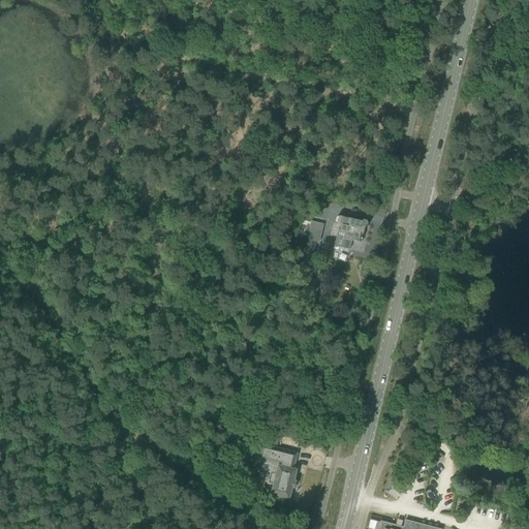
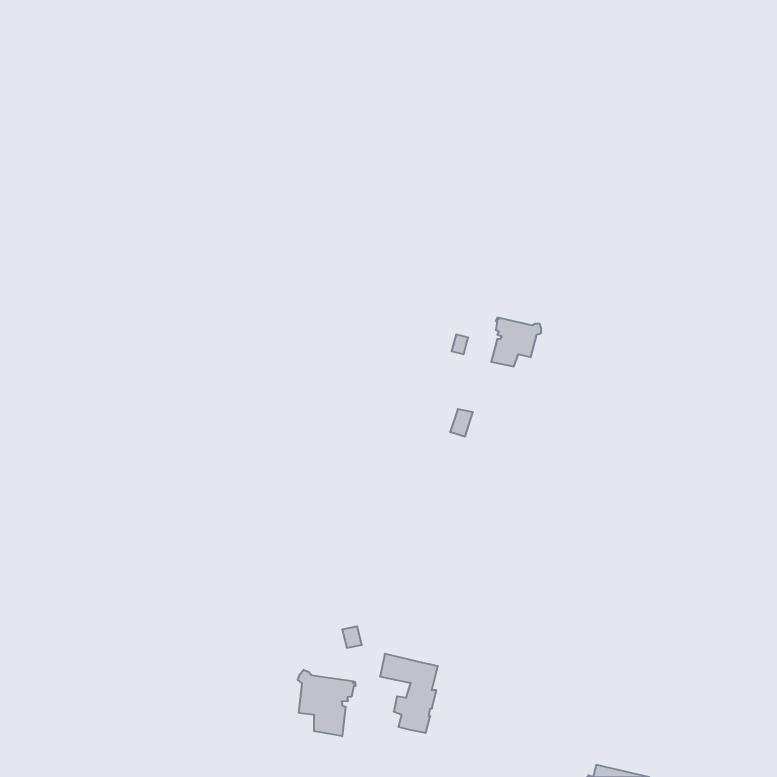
building: none -> [298,670,356,736]

